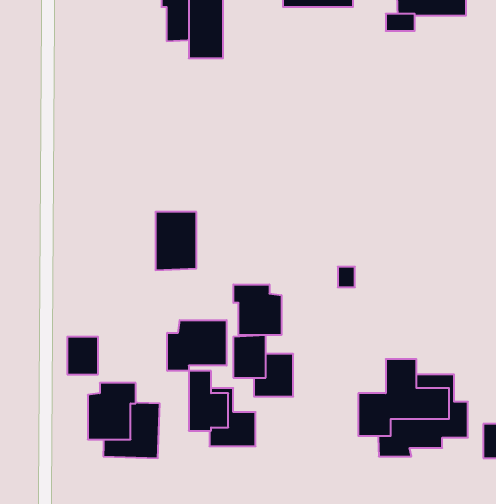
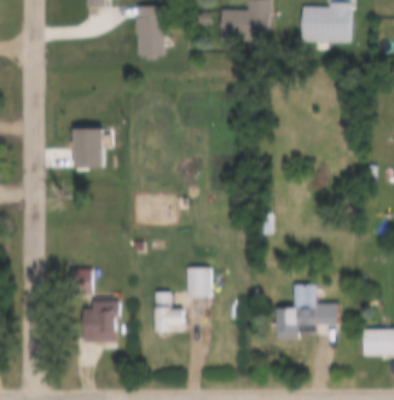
building: [155,212,196,270] -> [73,128,102,169]
building: [233,284,281,335] -> none
building: [167,320,227,371] -> none

